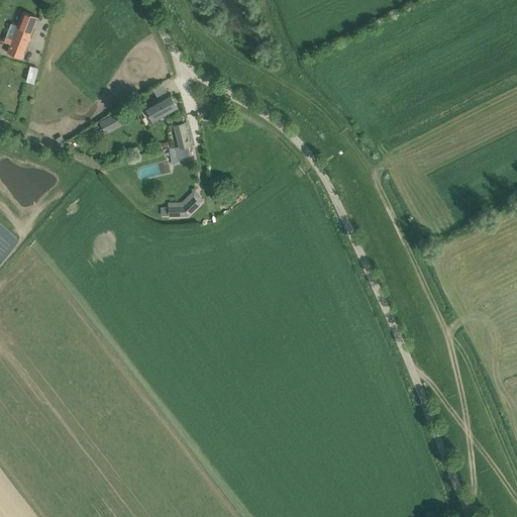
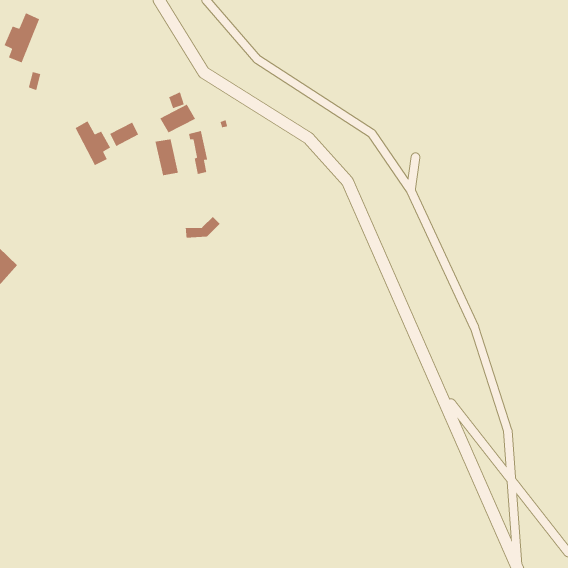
building: none -> [75,120,111,166]
building: none -> [155,138,179,176]

